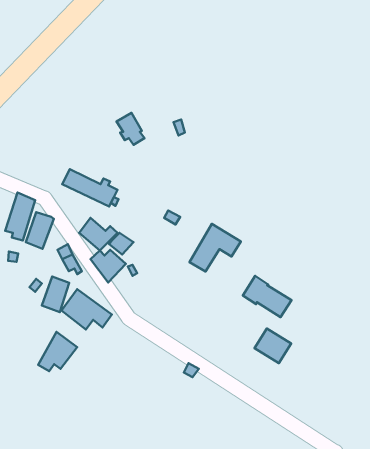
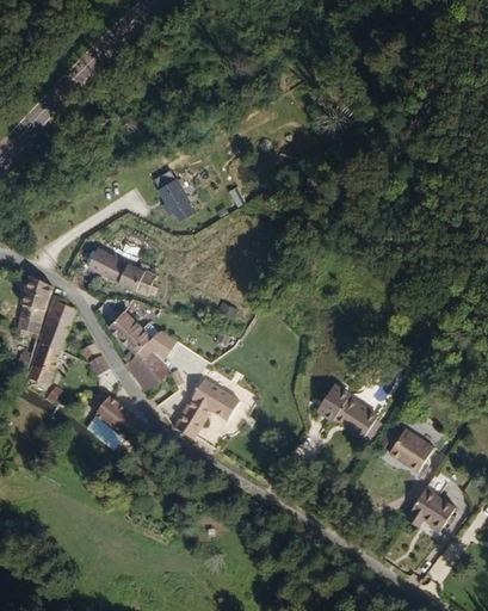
building: [189,224,241,272] -> [173,378,239,439]
building: [42,276,69,312] -> [27,340,62,385]
building: [255,328,291,363] -> [388,427,434,471]
building: [38,332,77,371] -> none
building: none -> [409,487,457,532]

